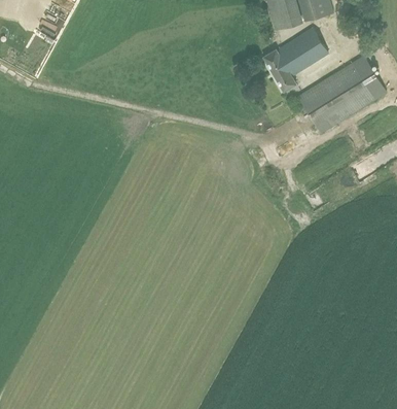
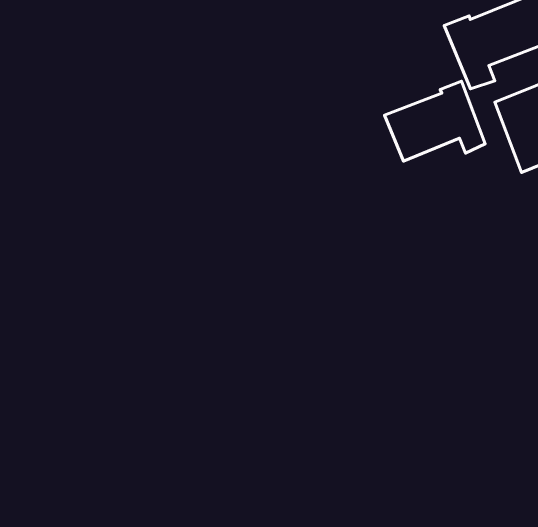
building: none -> [385,81,485,161]

